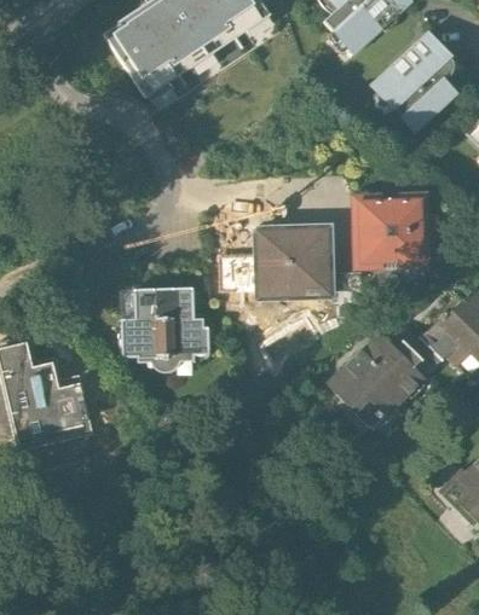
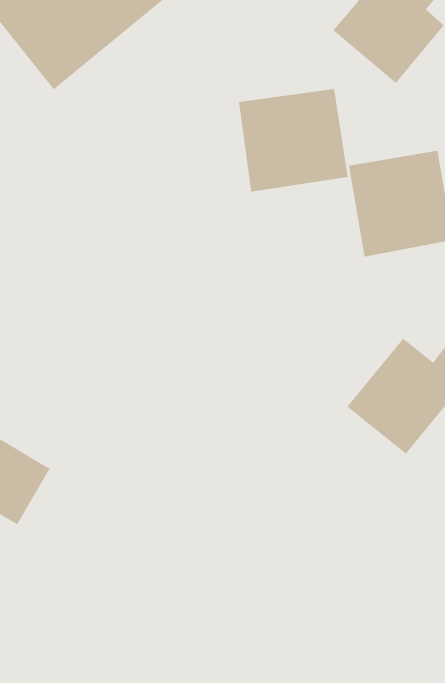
building: [258,226,335,297] -> [238,88,349,192]
building: [125,286,212,369] -> none

